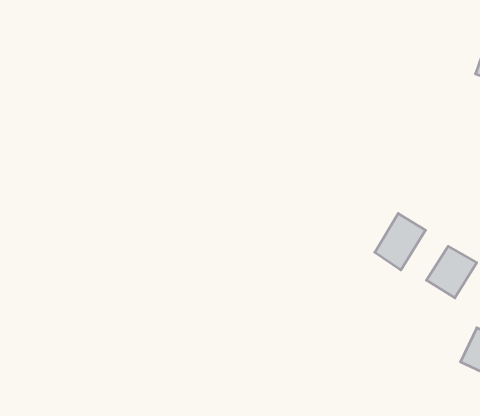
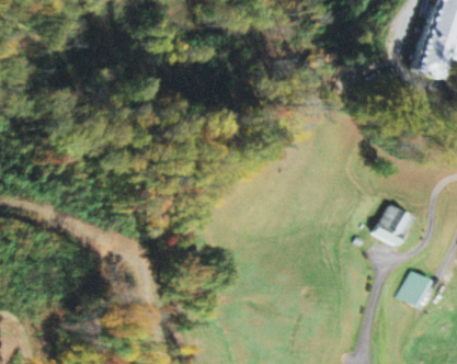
building: [375,213,426,270] -> none

